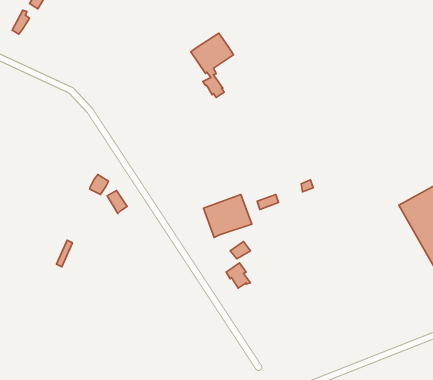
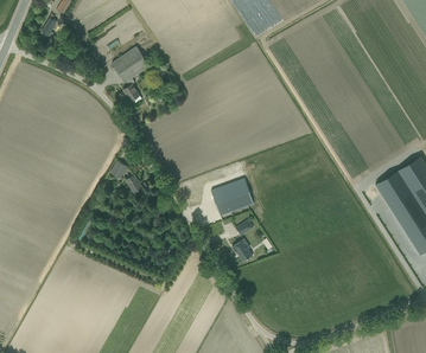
building: [191,33,233,97] -> [109,46,147,103]

